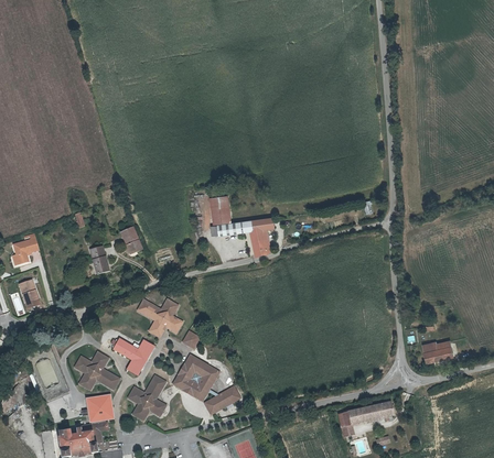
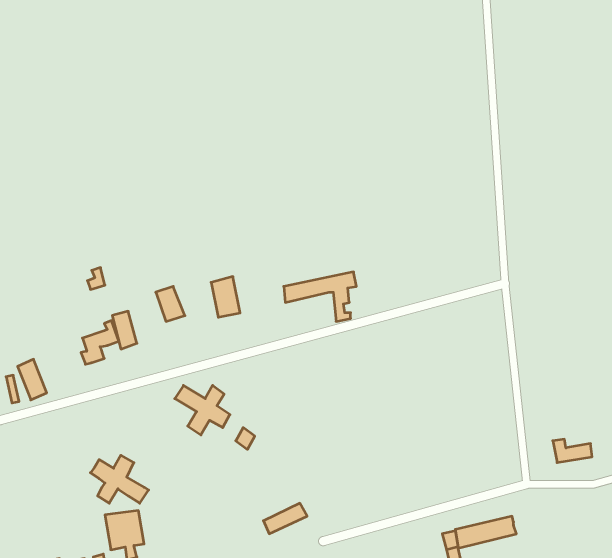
building: [211,195,233,226] -> [211,277,240,317]
building: [11,230,40,263] -> [81,321,119,364]
building: [115,339,154,377] -> none
building: [172,356,216,401] -> none
building: [129,377,164,421] -> none

